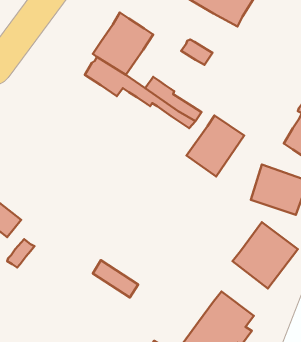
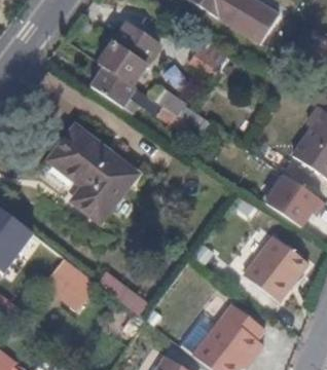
building: none -> [50,125,138,222]
building: [186,115,244,176] -> none
building: none -> [41,256,98,311]

